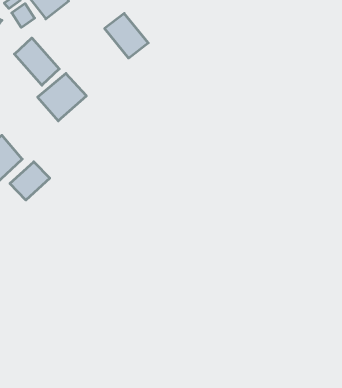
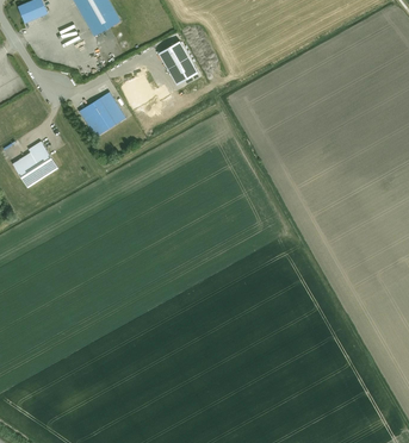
building: [14,38,59,85] -> none
building: [10,162,50,200] -> none

